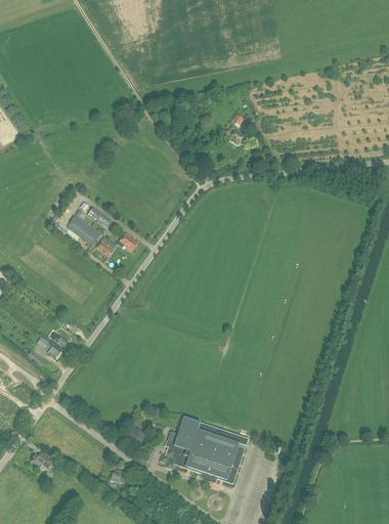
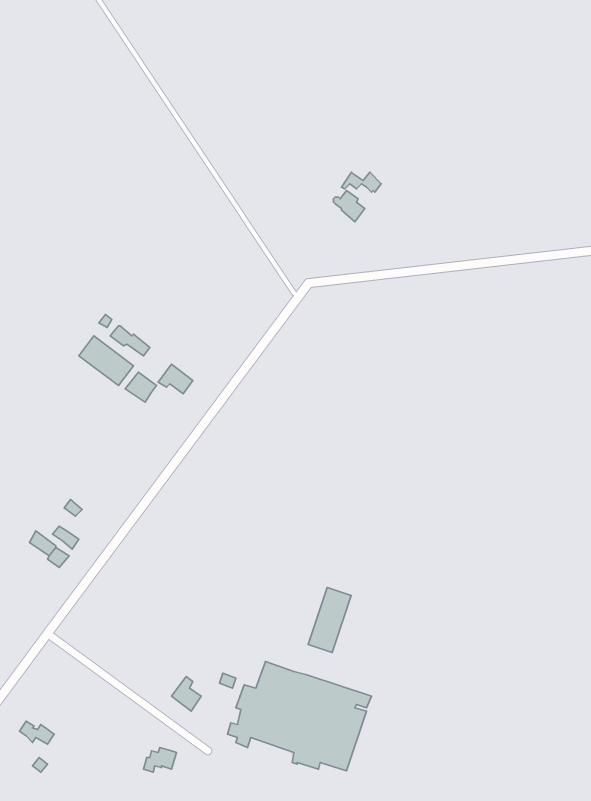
building: none -> [308,588,351,652]

